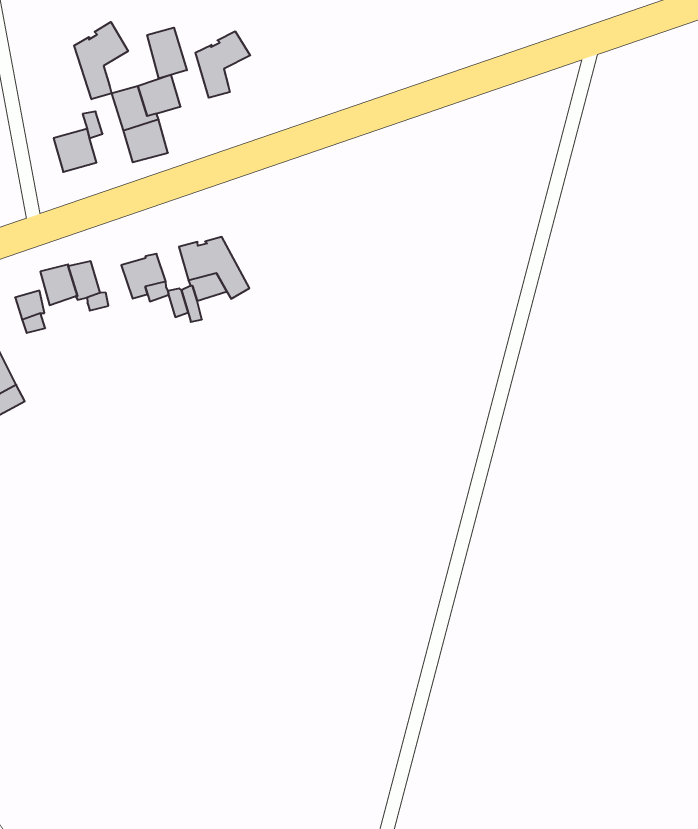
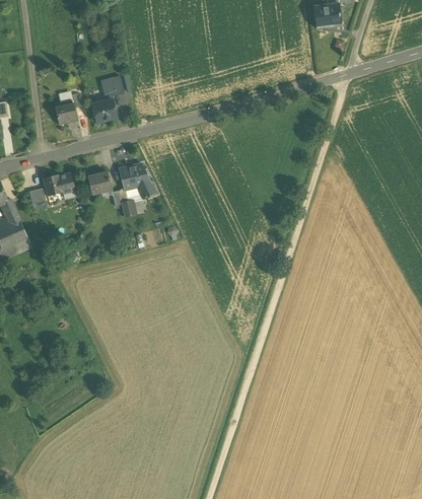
building: [74,22,128,99] -> none
building: [147,28,187,79] -> none
building: [195,31,250,98] -> none

